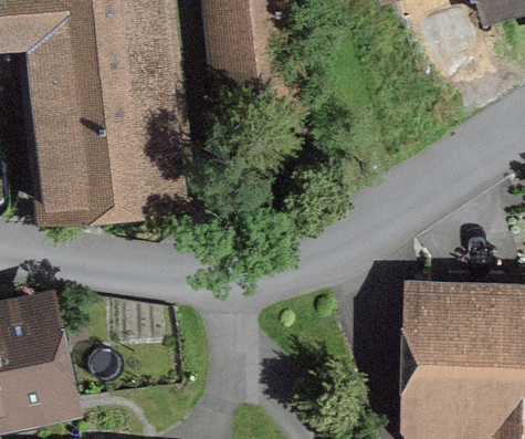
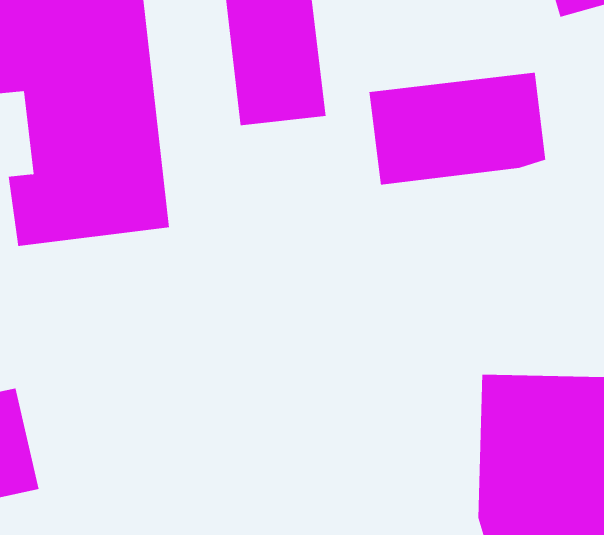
building: none -> [369,72,546,185]

